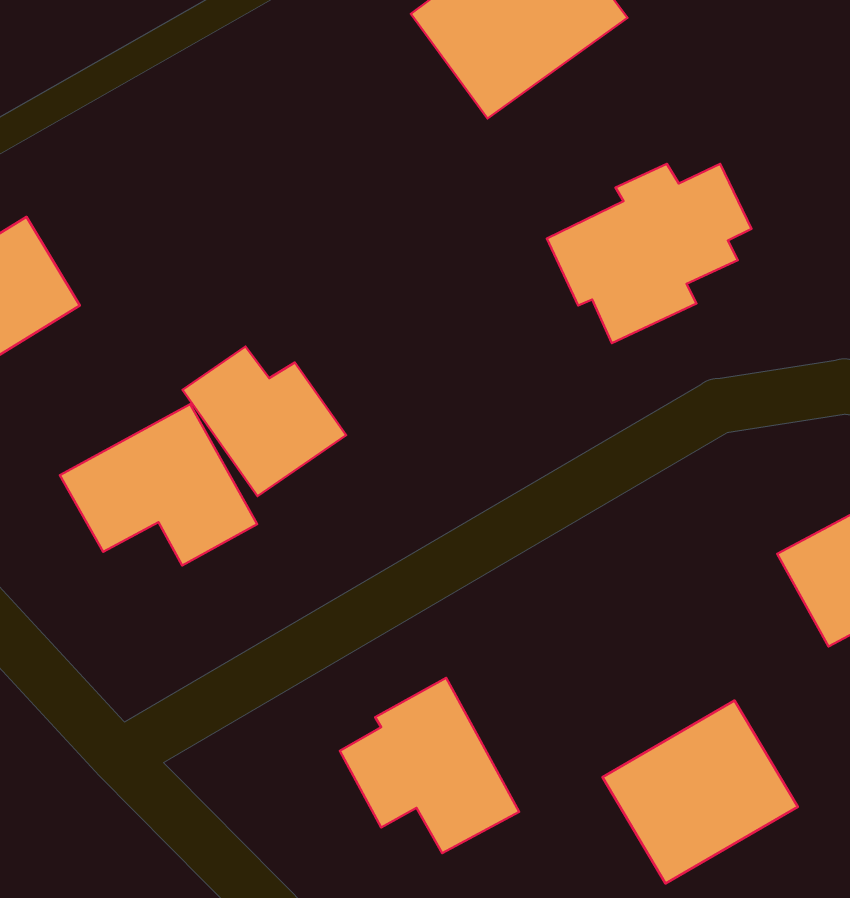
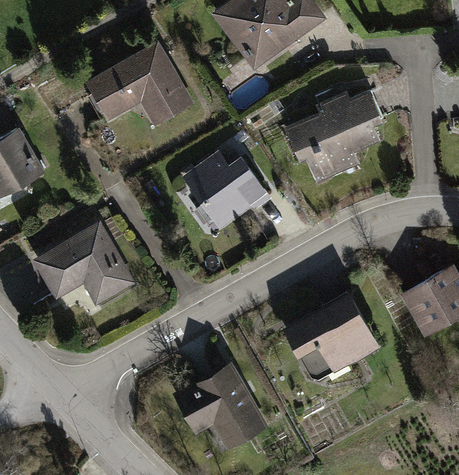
building: none -> [91,45,189,118]
building: [183,347,346,496] -> [185,151,268,227]
building: [603,700,798,884] -> [281,292,380,385]

